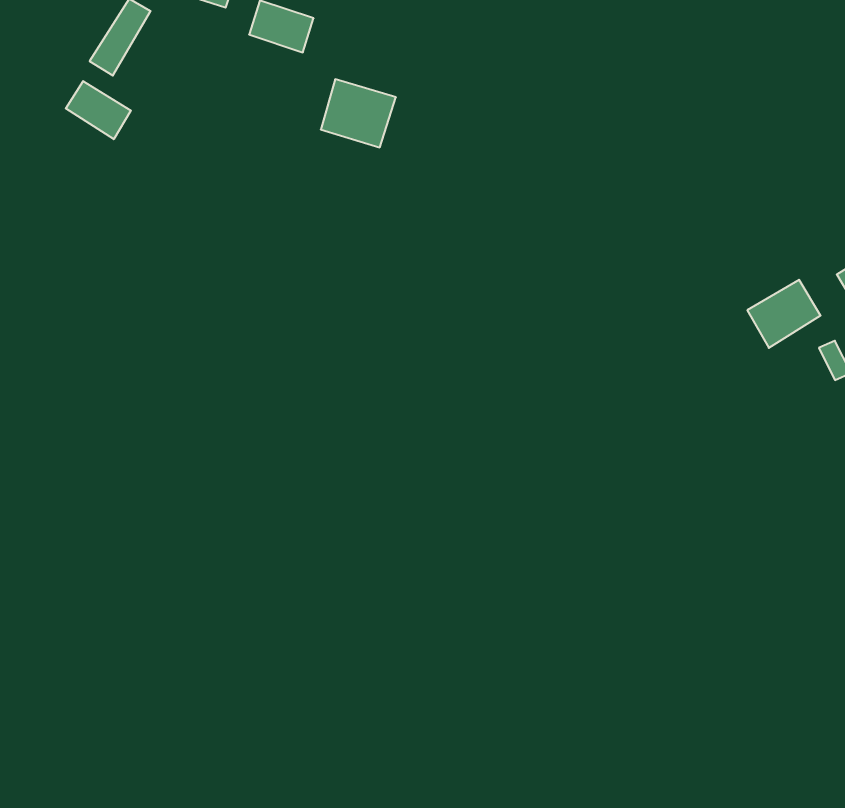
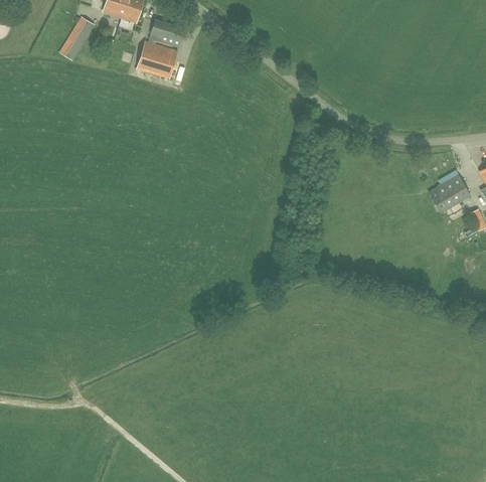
building: [321,79,396,147] -> [136,40,178,78]
building: [66,81,131,139] -> none

